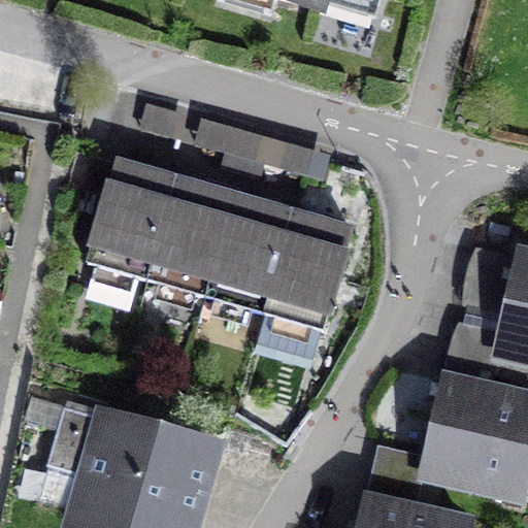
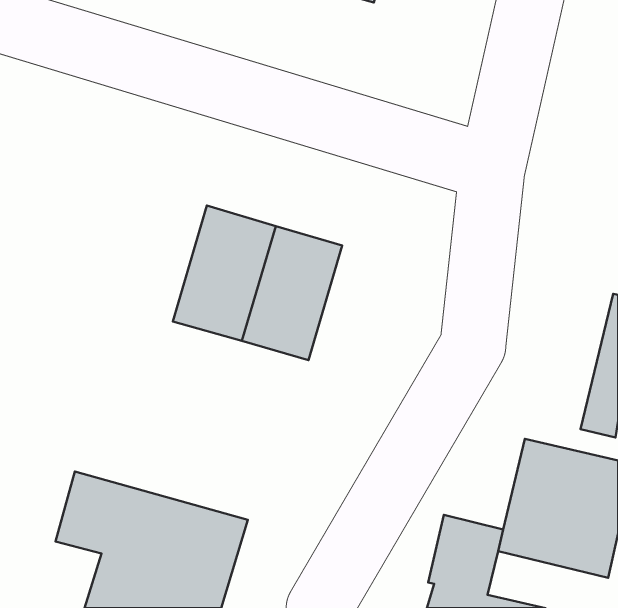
building: [70,147,176,274] -> none
building: [263,209,357,326] -> none

